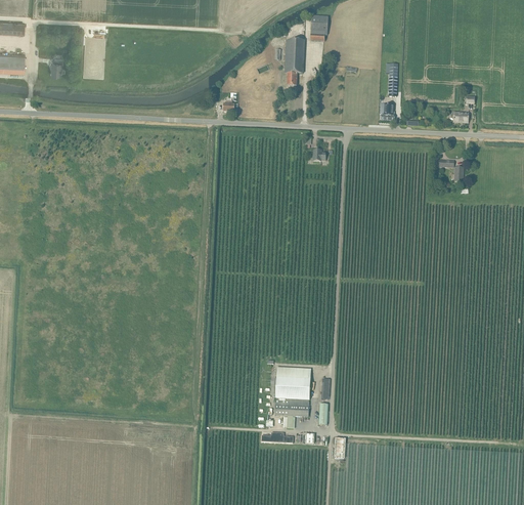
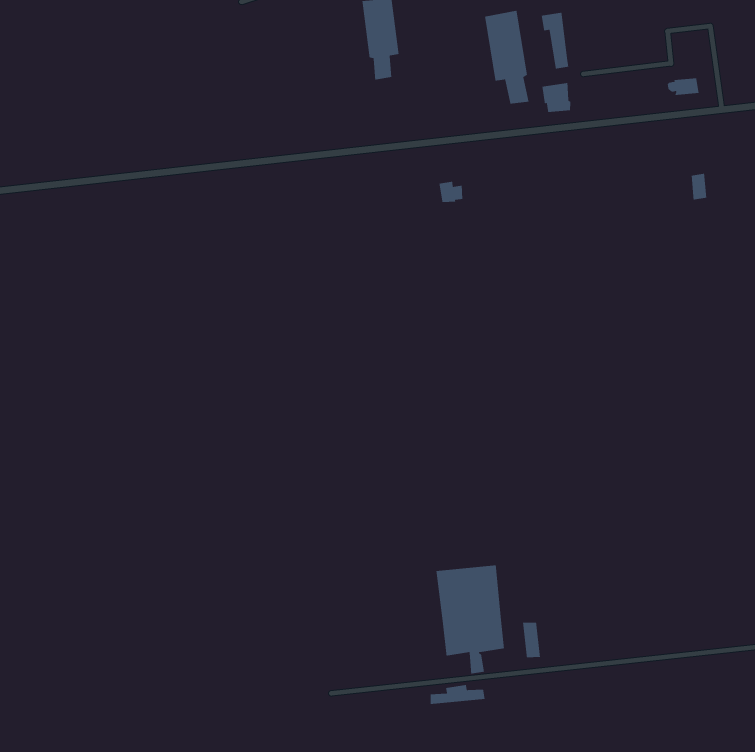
building: none -> [484,10,529,105]

